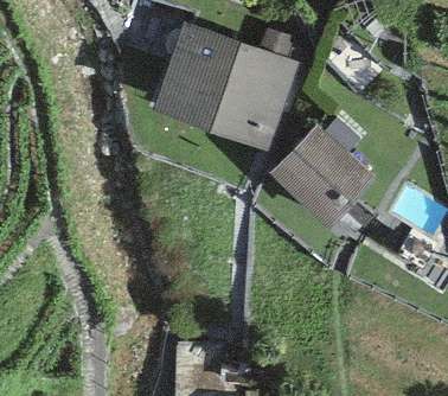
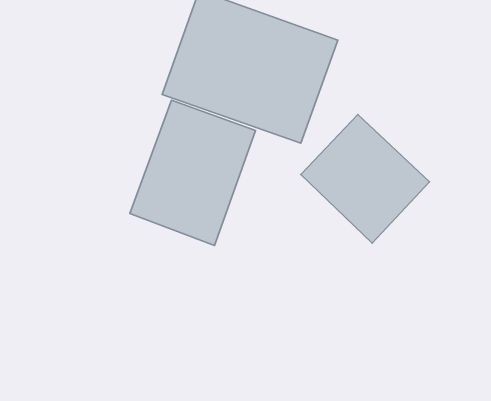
building: none -> [130,100,255,245]

